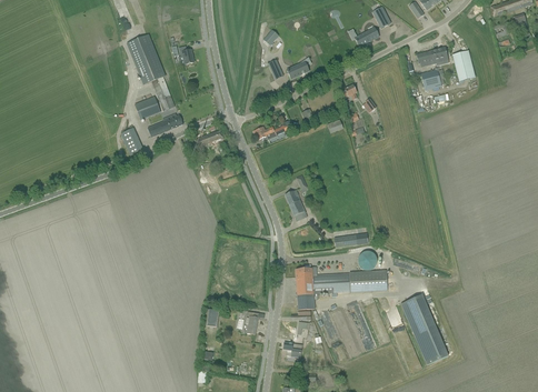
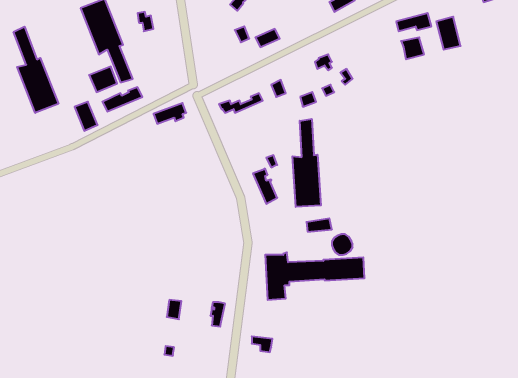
building: none -> [14,27,58,113]
building: none -> [292,119,321,207]
building: [399,292,448,364] -> none

